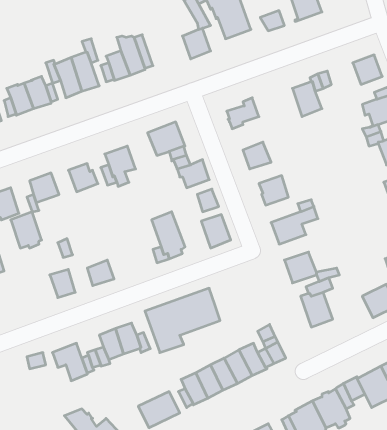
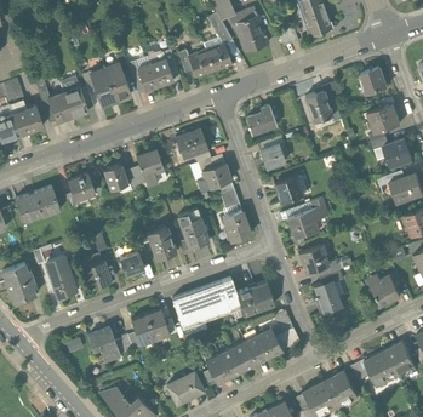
building: none -> [178,48,213,76]
building: [11,212,42,248] -> [48,264,76,297]
building: none -> [148,227,175,262]
building: none -> [235,282,274,315]

